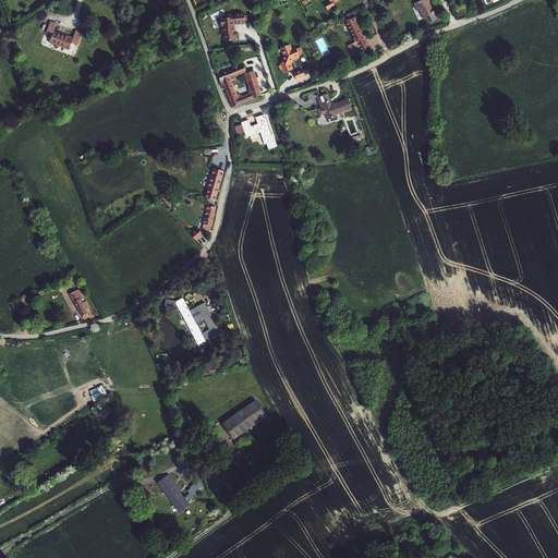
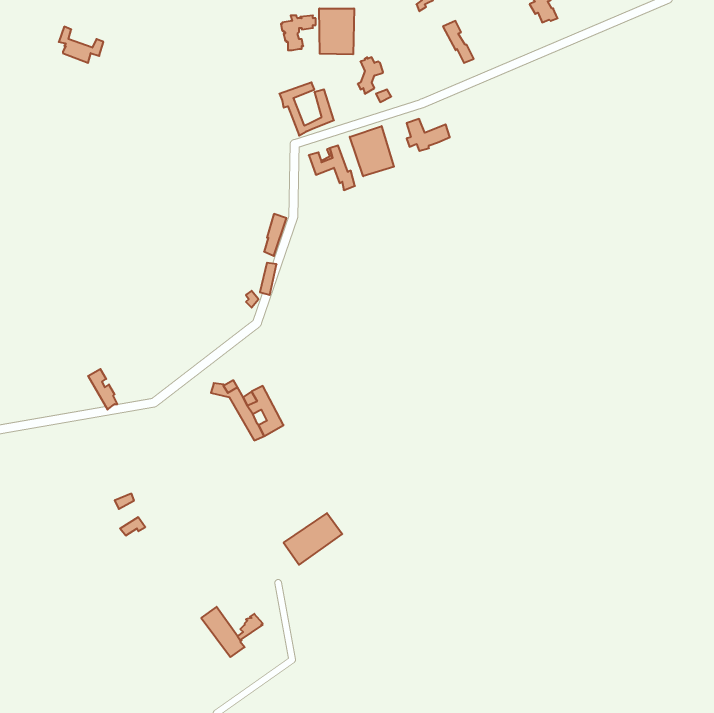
building: none -> [319,8,354,54]
building: none -> [350,126,394,176]

